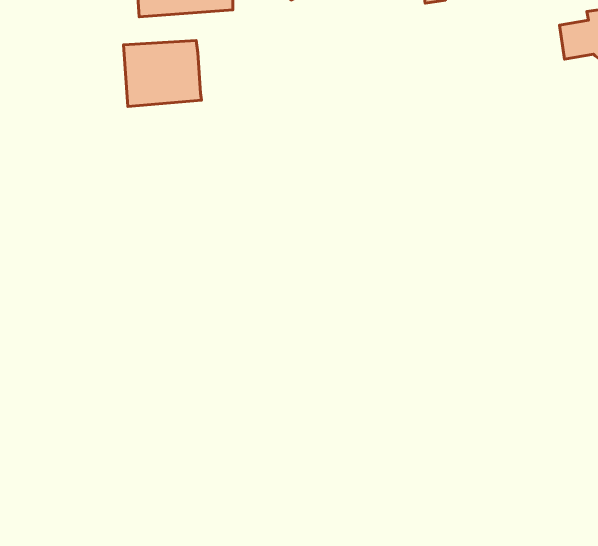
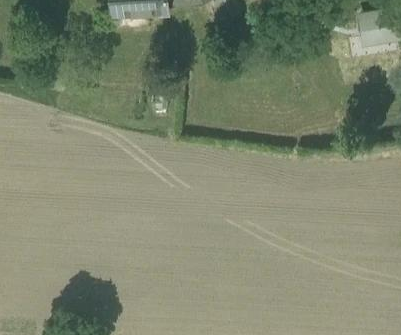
building: [124,40,201,106] -> none

